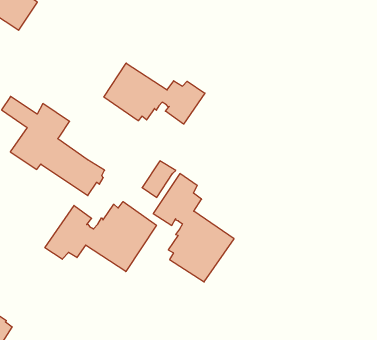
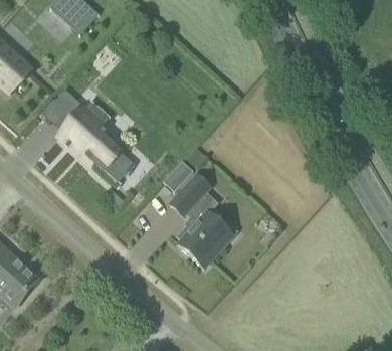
building: [104,63,205,124] -> none
building: [45,202,156,272] -> none

